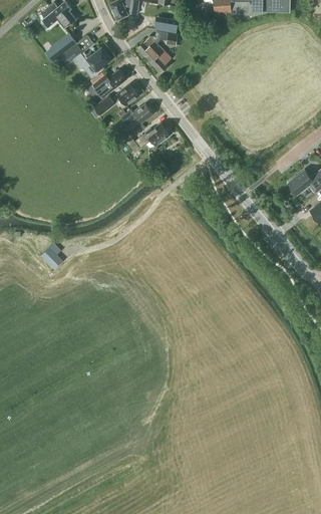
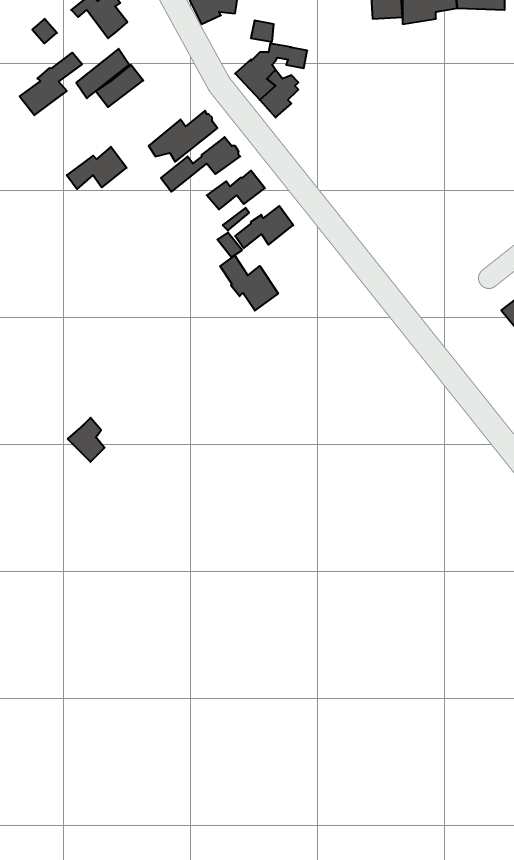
building: none -> [20,53,82,115]
building: [76,46,110,70] -> [67,147,127,189]
building: none -> [220,255,278,311]

